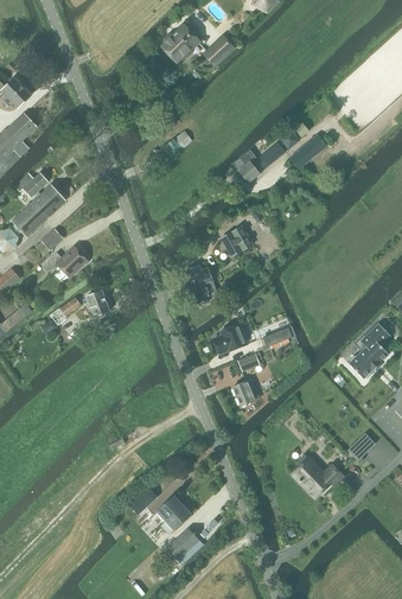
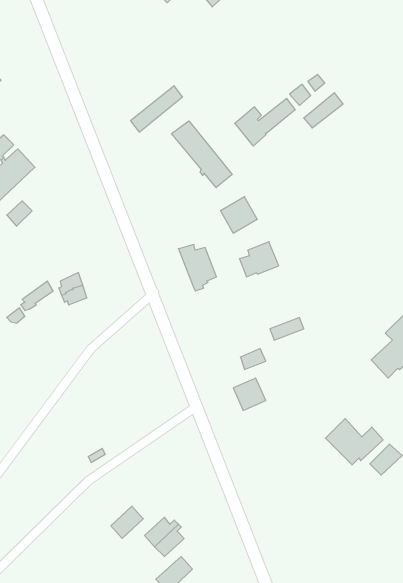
building: none -> [172,121,232,188]
building: [44,246,88,275] -> none
building: [213,323,247,352] -> [239,242,279,277]
building: [293,457,342,496] -> [325,419,383,465]

